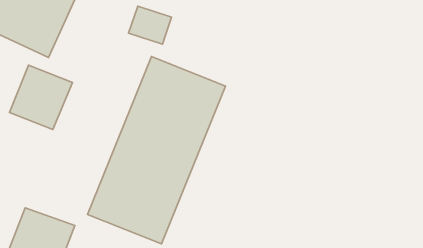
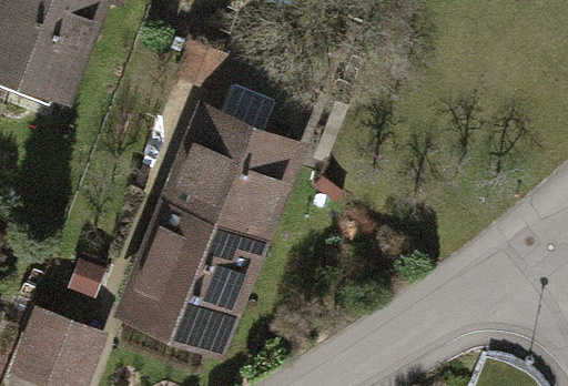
building: [9,65,72,129] -> none

